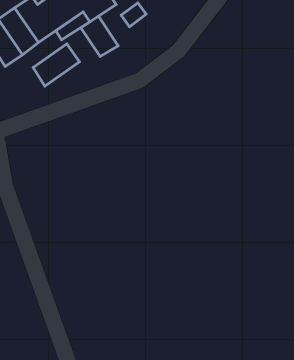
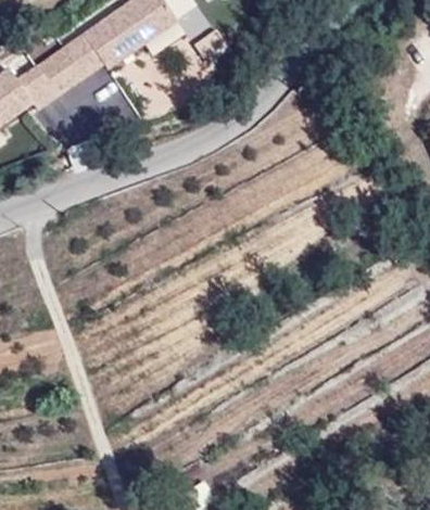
building: [81,16,118,56] -> none
building: [33,44,80,86] -> none

